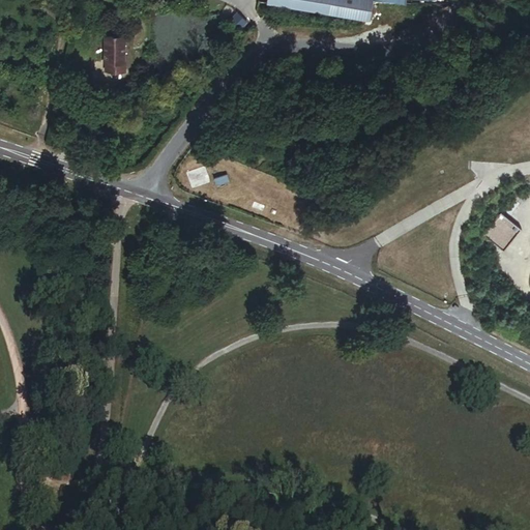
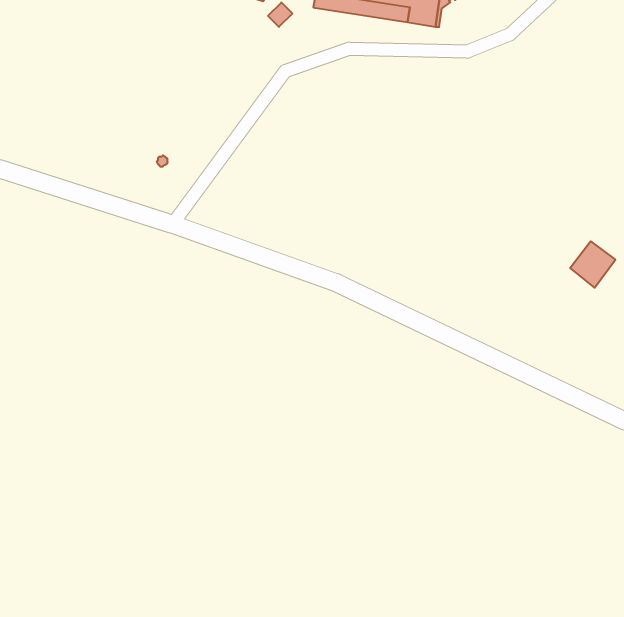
building: [106,28,126,63] -> none

